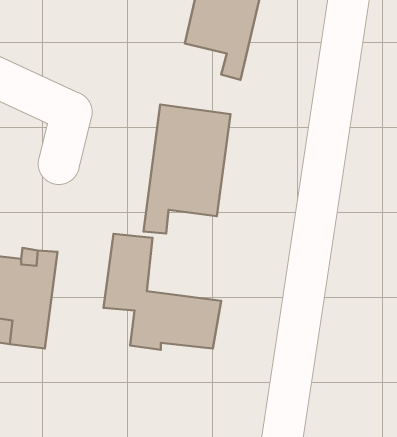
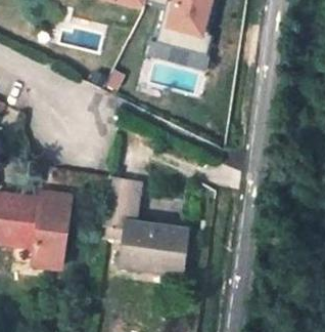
building: [143,105,231,233] -> none

